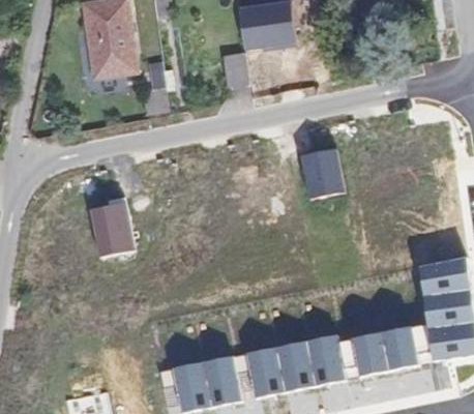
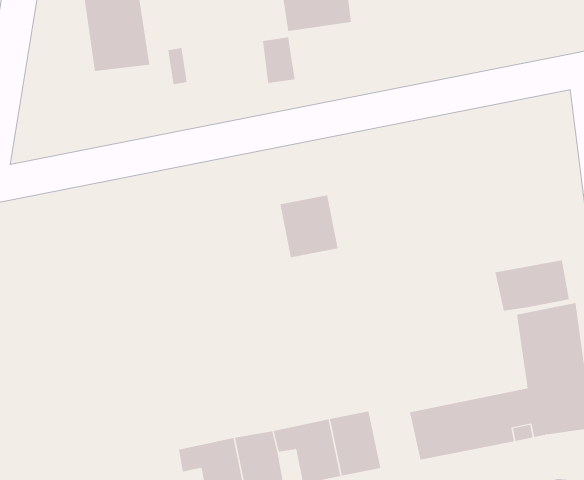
building: [299,149,345,198] -> [280,195,338,258]
building: [88,203,134,258] -> none
building: none -> [495,259,569,312]
building: [305,334,345,385] -> none

